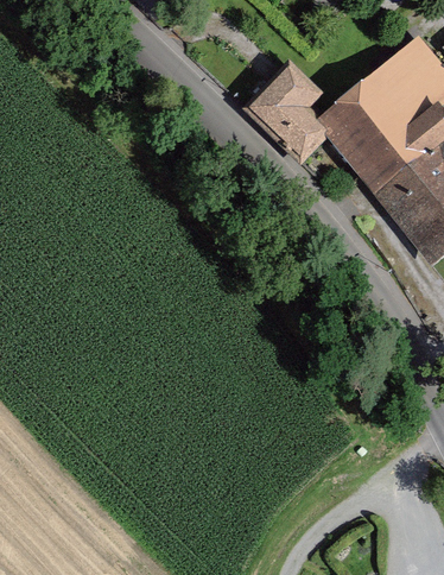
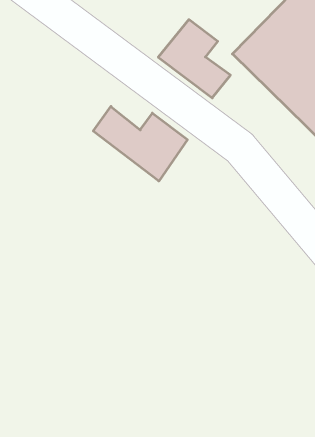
building: none -> [93,106,187,181]

